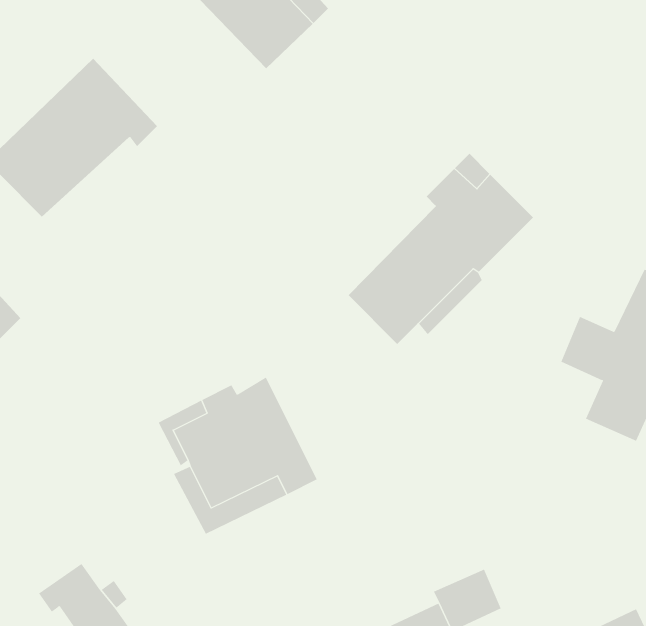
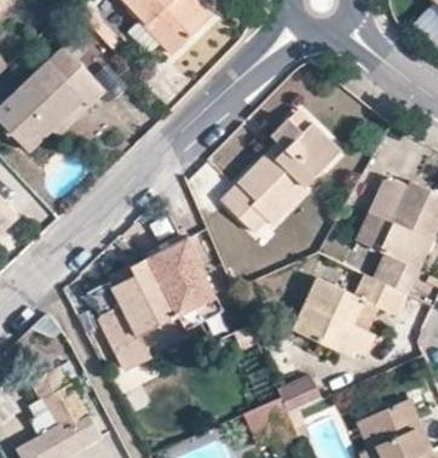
building: none -> [149,236,219,316]
building: none -> [293,273,407,357]

